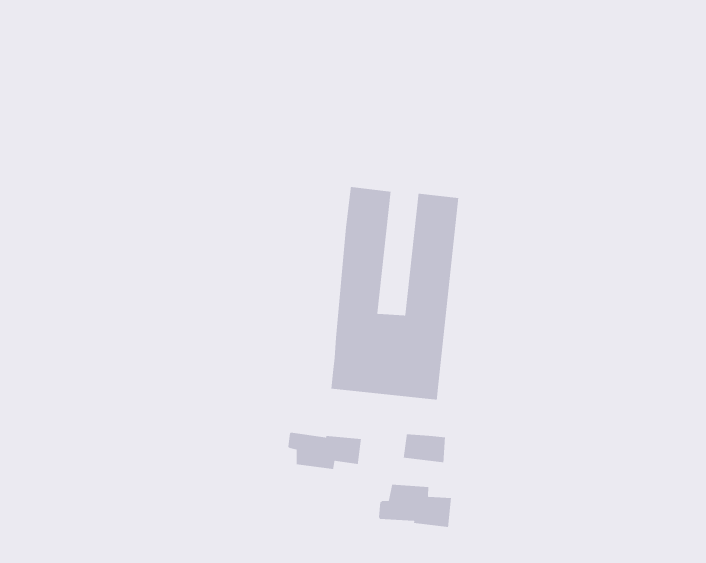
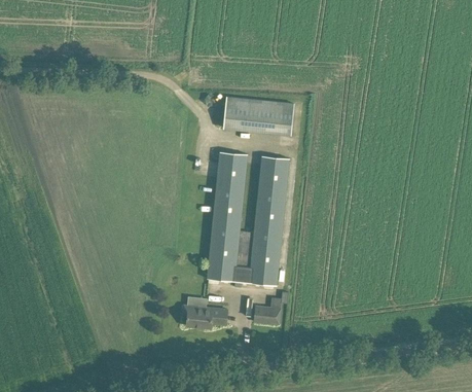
building: none -> [223,98,294,135]
building: [378,484,452,528] -> none

